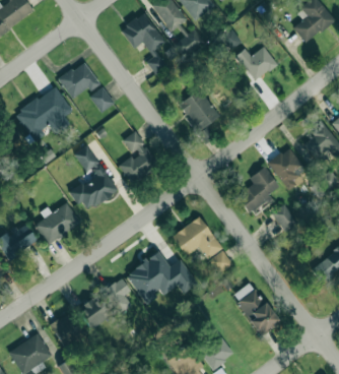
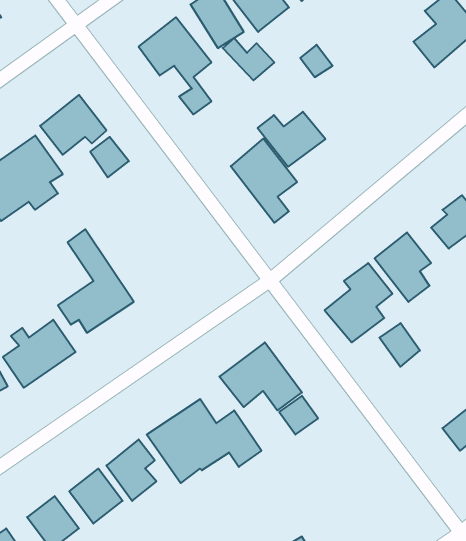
building: [235,47,278,81] -> [258,112,325,167]
building: [120,131,158,182] -> none
building: [232,283,280,336] -> none

